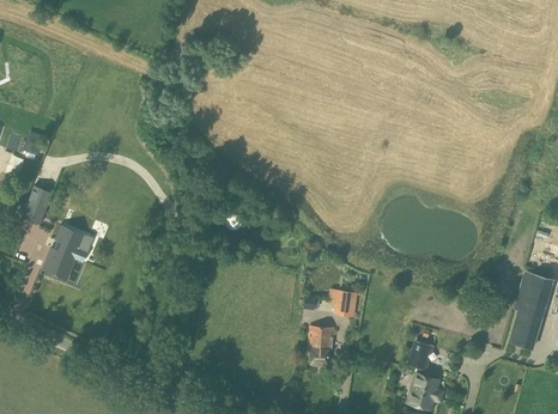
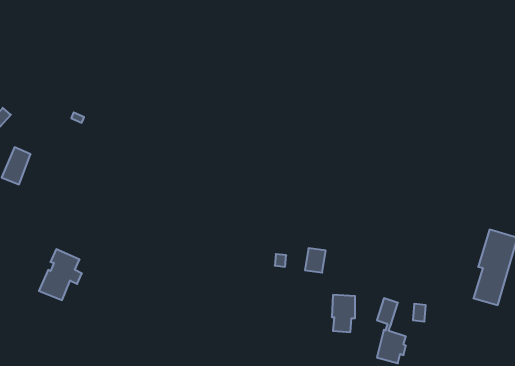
building: [43,226,87,279] -> [39,249,82,300]
building: [310,327,334,365] -> [332,295,355,332]

